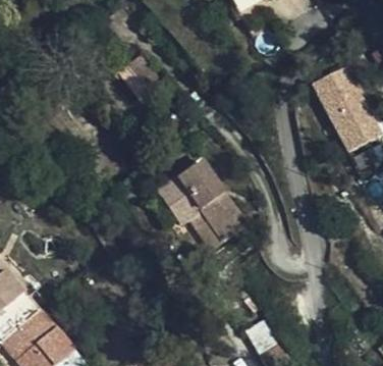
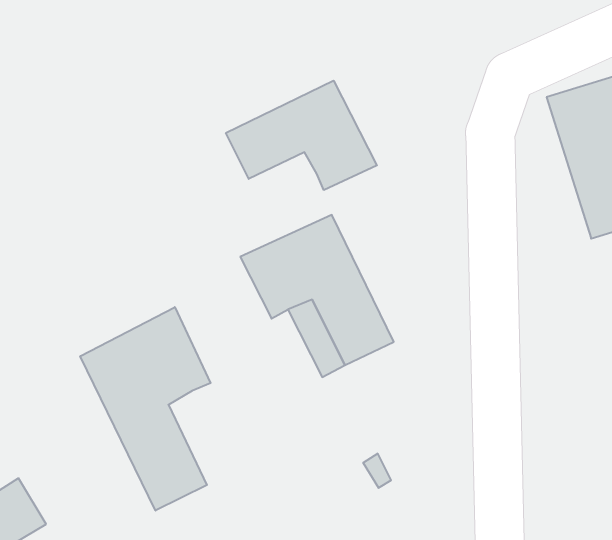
building: none -> [226,81,377,190]
building: none -> [80,307,211,511]

